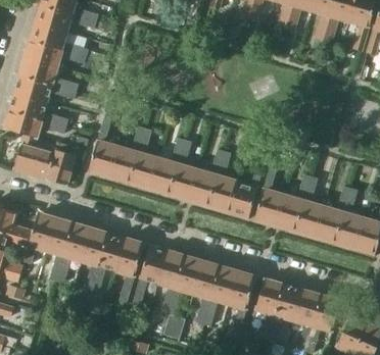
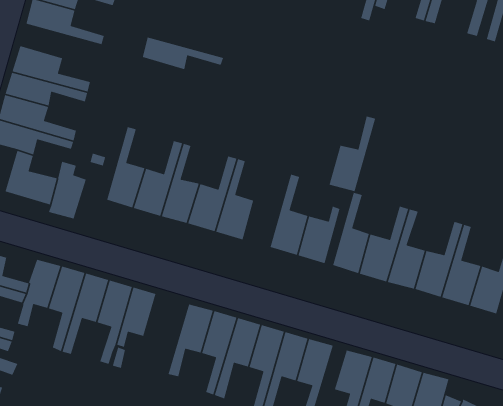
building: [26,42,86,66] -> [142,37,224,70]
building: [189,149,224,205] -> [329,115,376,192]
building: [116,239,144,302] -> none

